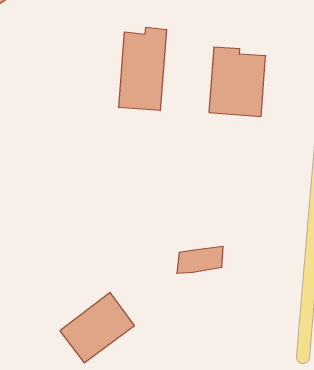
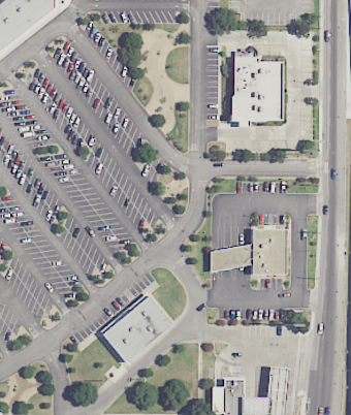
building: [119,27,166,111] -> none
building: none -> [251,229,285,275]

